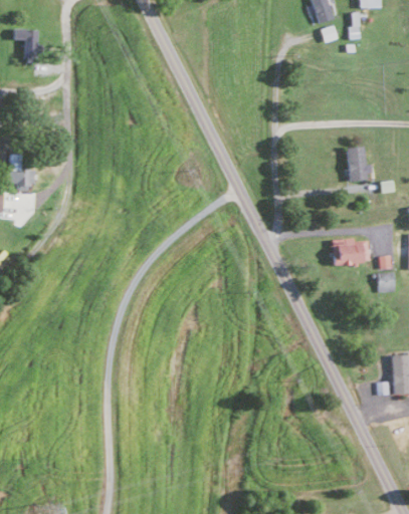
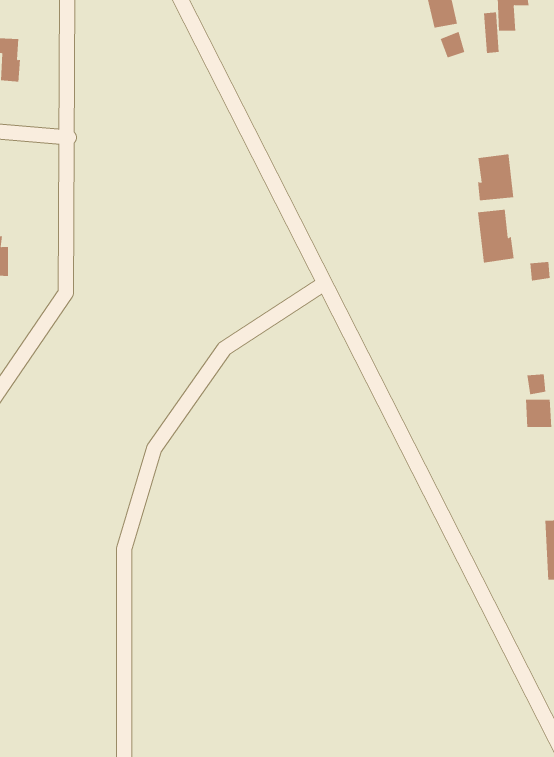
building: none -> [478,153,514,201]
building: [333,238,369,264] -> none

